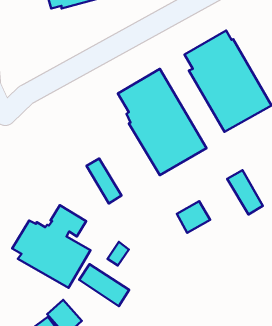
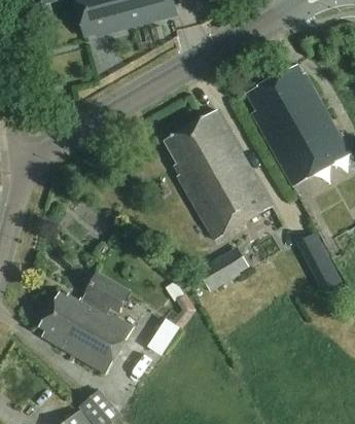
building: [87,158,122,204] -> none
building: [177,201,210,233] -> [198,253,238,291]
building: [79,264,129,306] -> none

